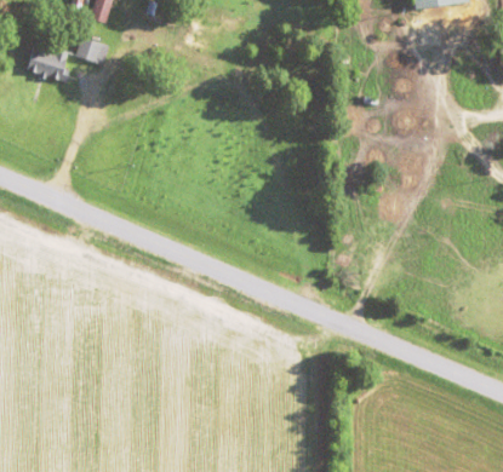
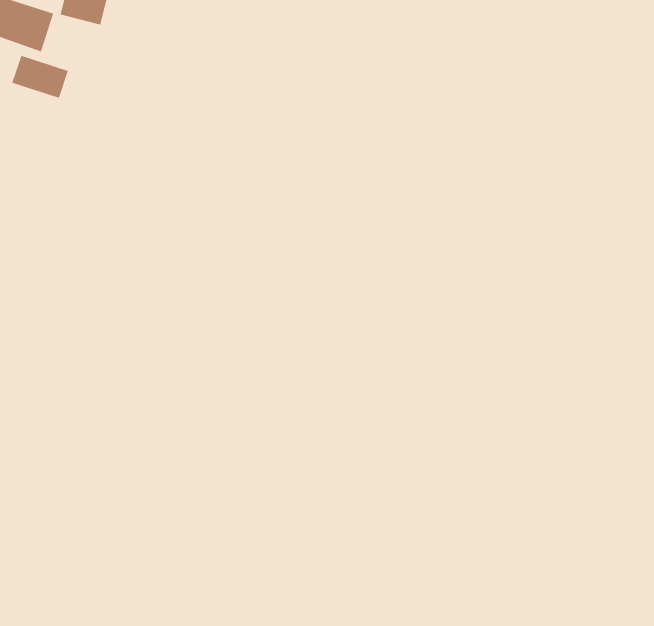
building: none -> [11,55,69,99]

